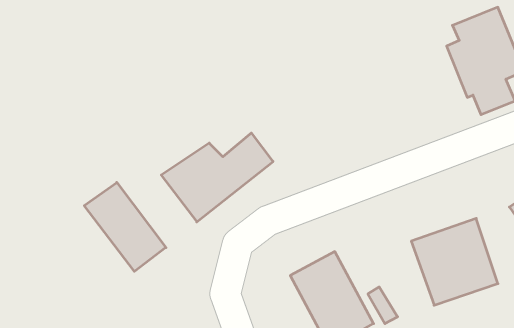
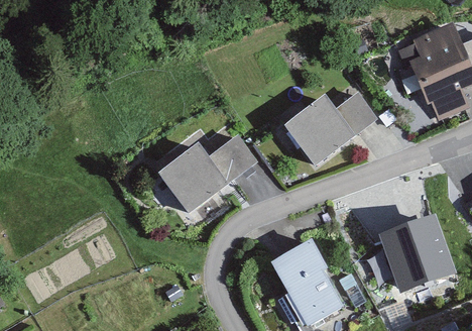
building: none -> [282,92,378,167]
building: [84,182,166,271] -> none

